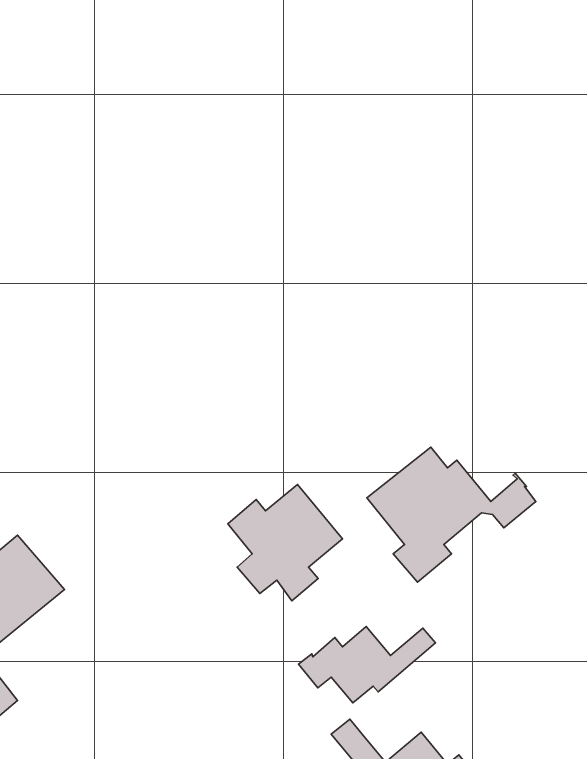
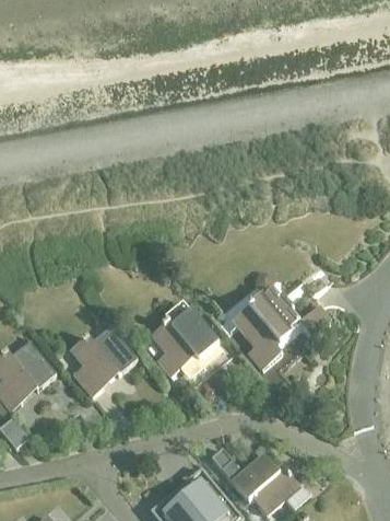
building: none -> [69,326,135,396]
building: [298,626,436,703] -> none

